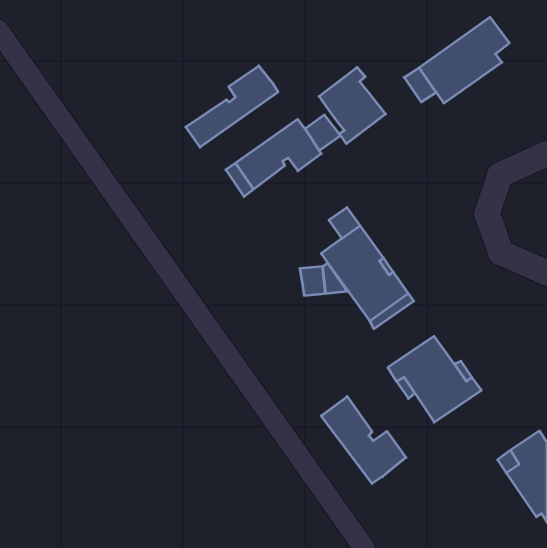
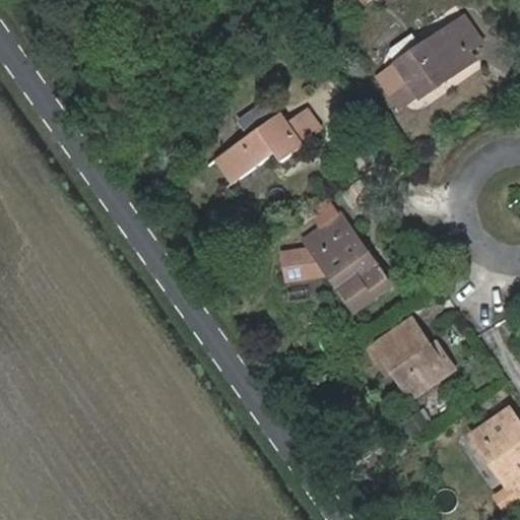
building: [186,66,278,147] -> none
building: [319,67,386,144] -> none
building: [321,396,406,484] -> none

